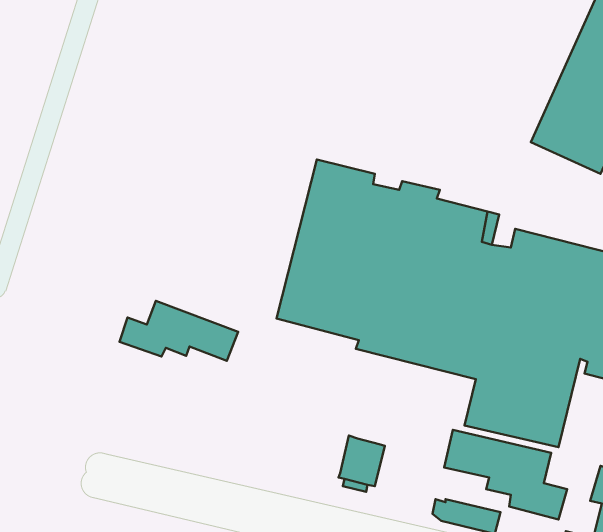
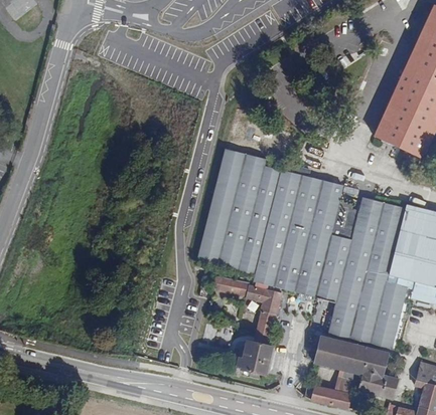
building: [120,301,238,361] -> none
building: none -> [213,276,282,343]

